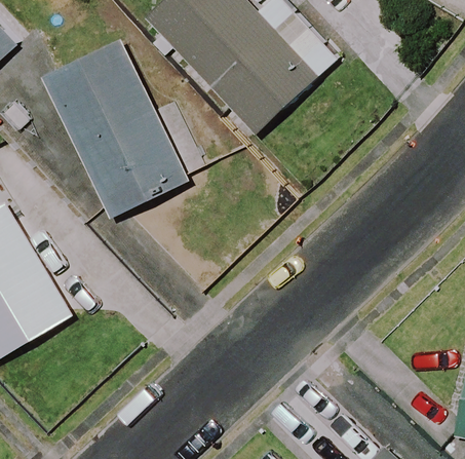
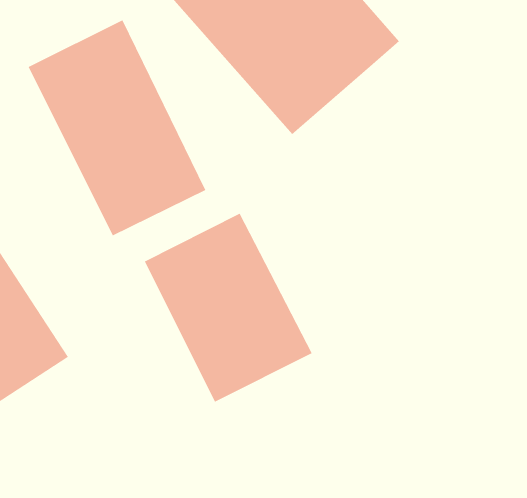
building: none -> [144,213,312,402]

